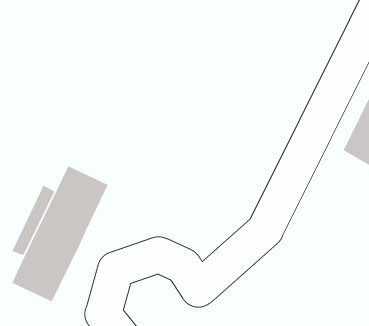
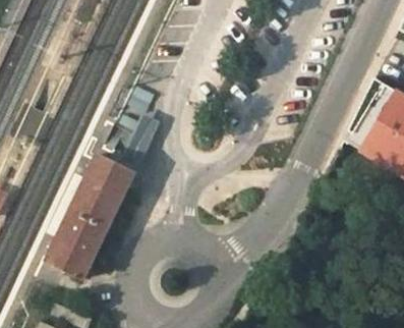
building: none -> [121,111,161,166]

